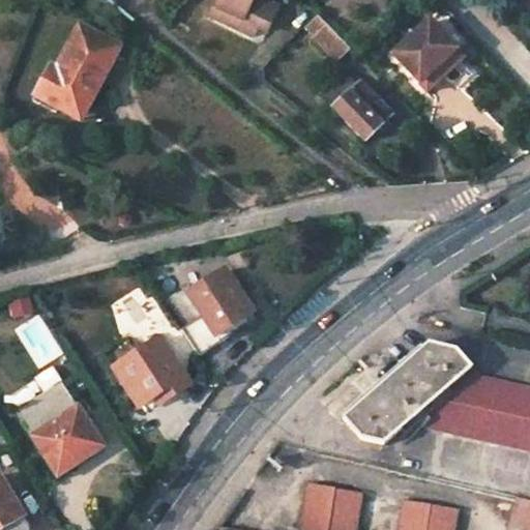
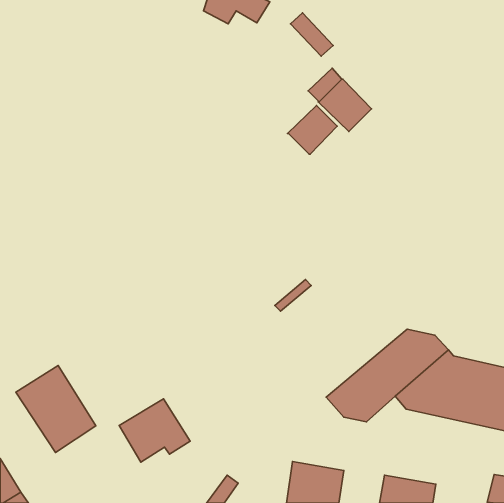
building: [390,21,461,90] -> none
building: [35,27,117,117] -> none
building: none -> [288,106,337,154]
building: [188,270,244,334] -> none
building: [113,340,187,406] -> [119,399,190,462]

